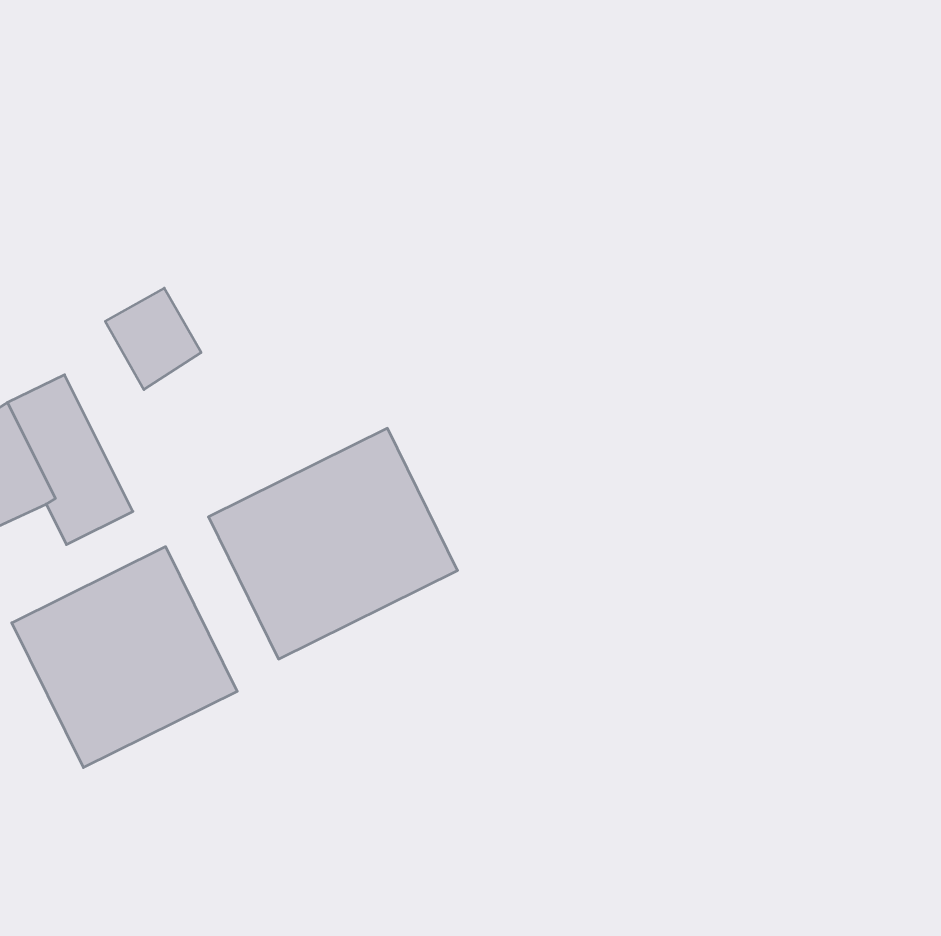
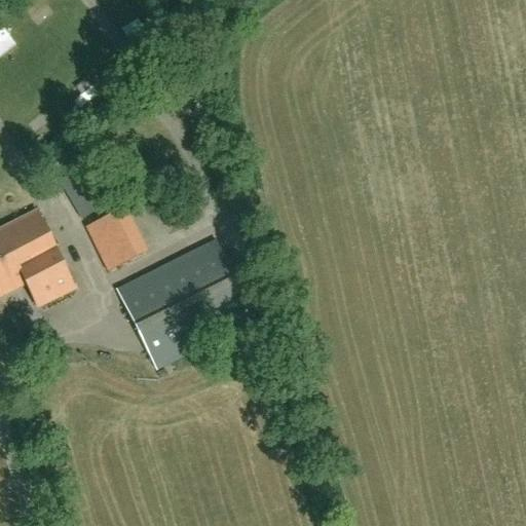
building: none -> [85,205,146,269]
building: [12,547,237,768] -> none

